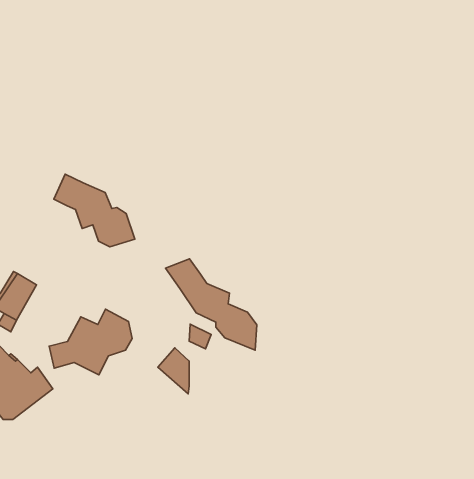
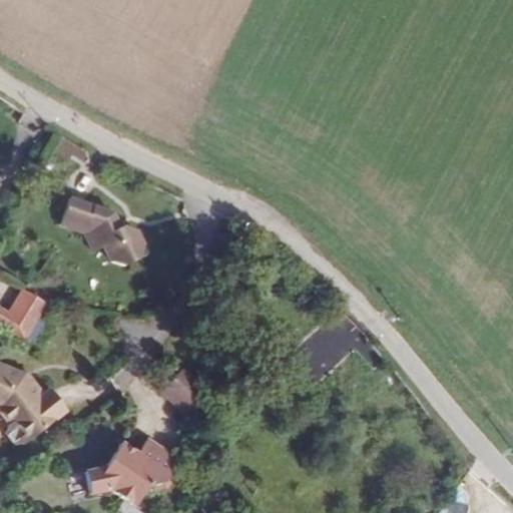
building: [166,259,257,350] -> none
building: [49,309,132,375] -> [89,432,176,501]

